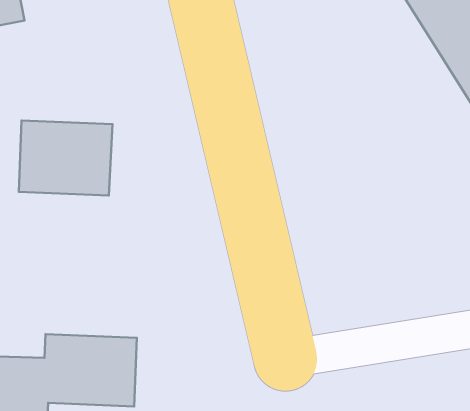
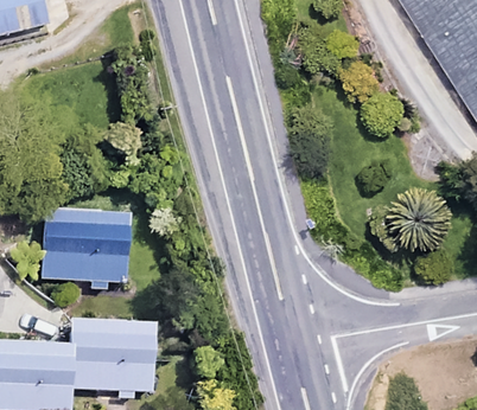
building: [19,121,113,195] -> [39,210,128,281]

